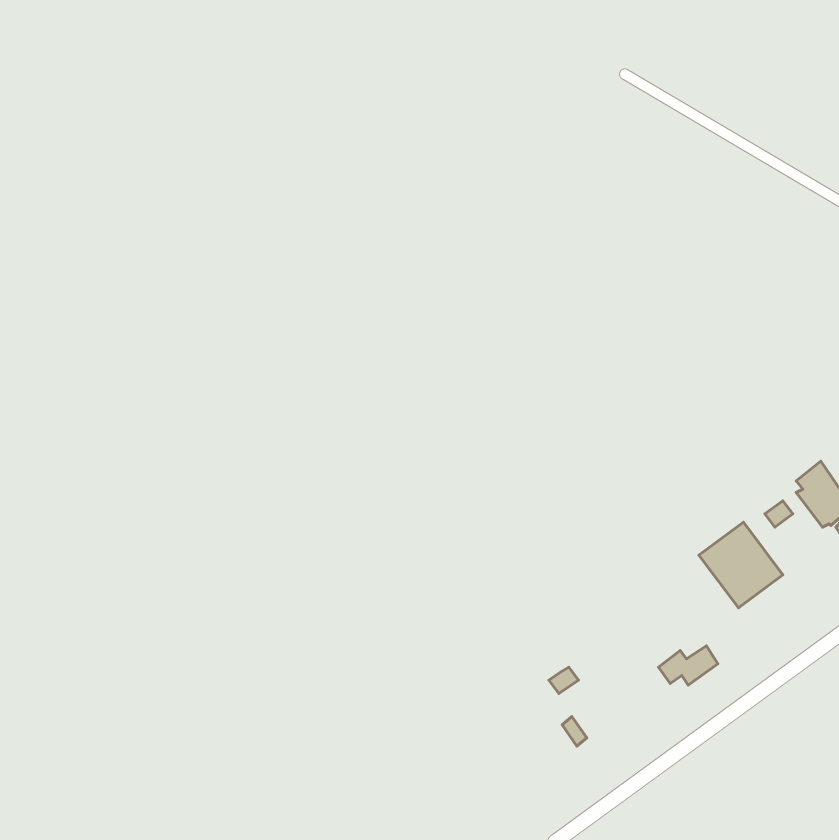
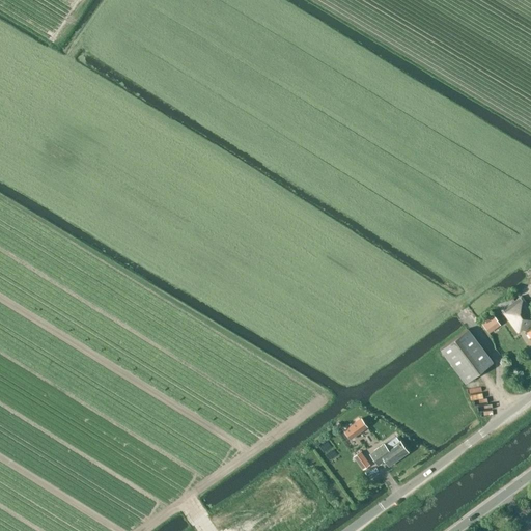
building: [659,646,718,685] -> [372,442,410,467]

